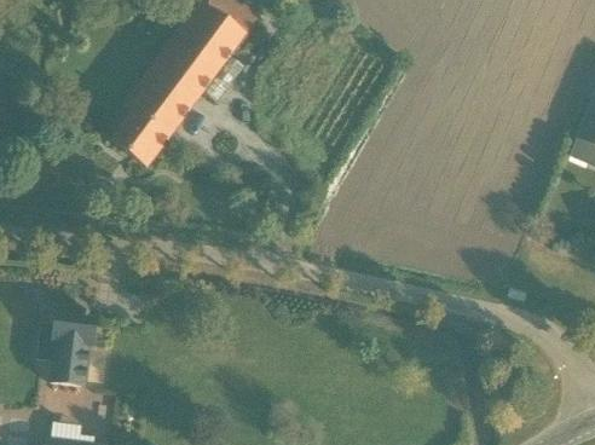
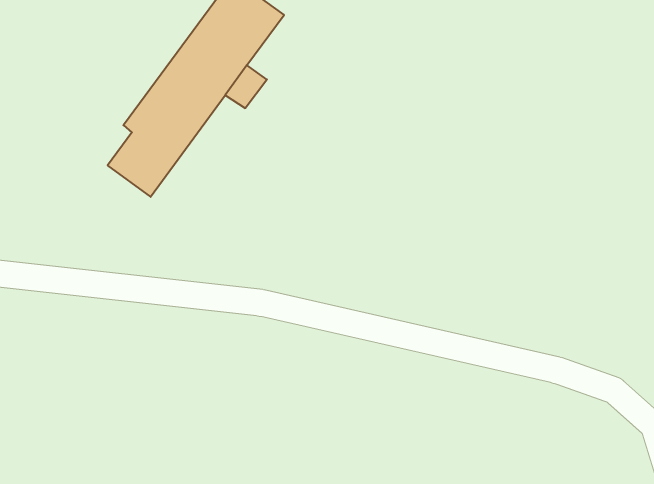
building: [48,313,94,391] -> none

